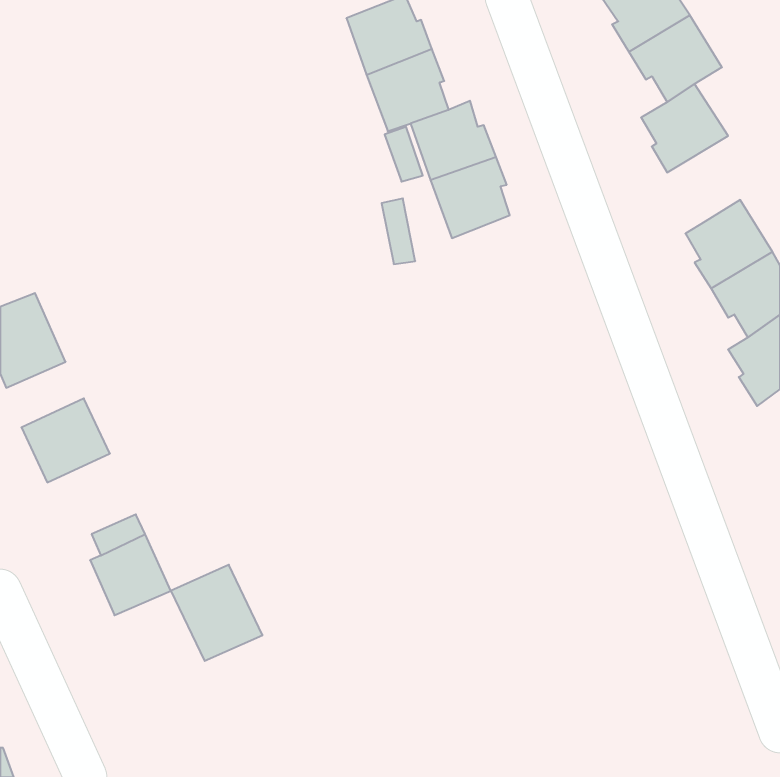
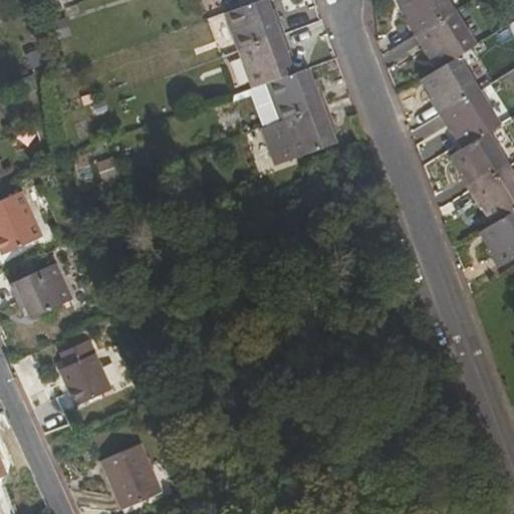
building: none -> [439,89,500,146]
building: [171,565,263,661] -> [102,444,163,507]

